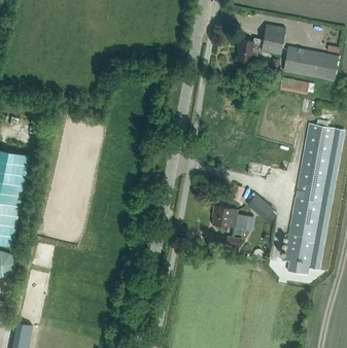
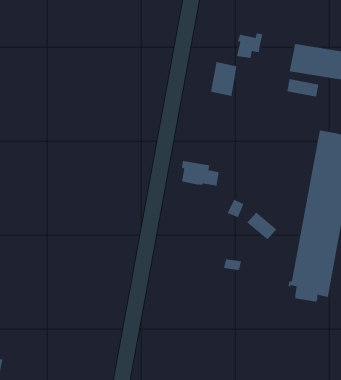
building: [261,25,284,56] -> [210,62,237,97]
building: [212,206,246,229] -> [181,160,220,186]

